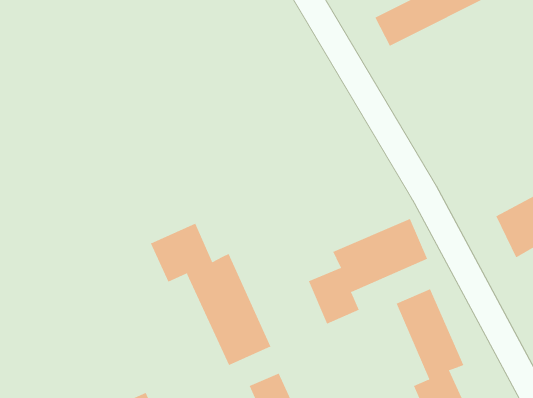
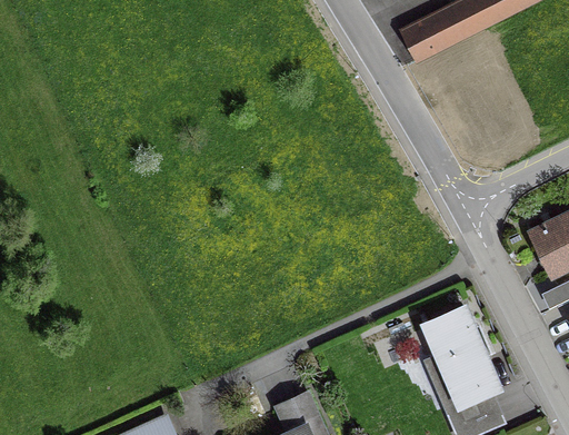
building: [308,218,428,324] -> none
building: [150,223,271,366] -> none

